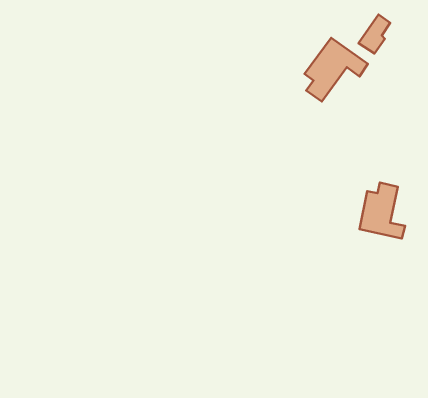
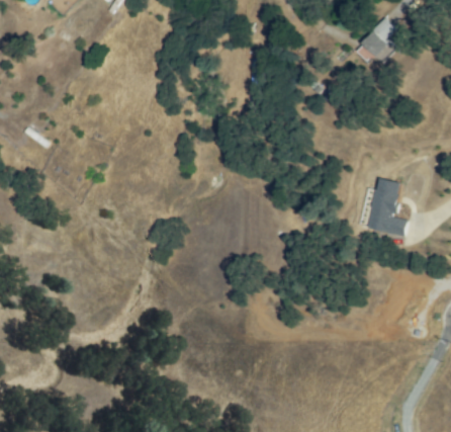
building: [304,38,368,101] -> none

